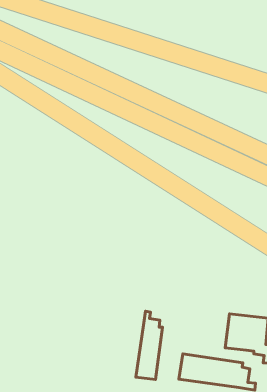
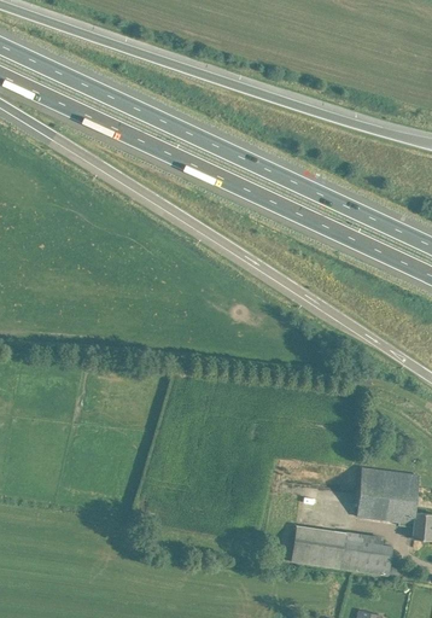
building: [136,311,163,380] -> none

